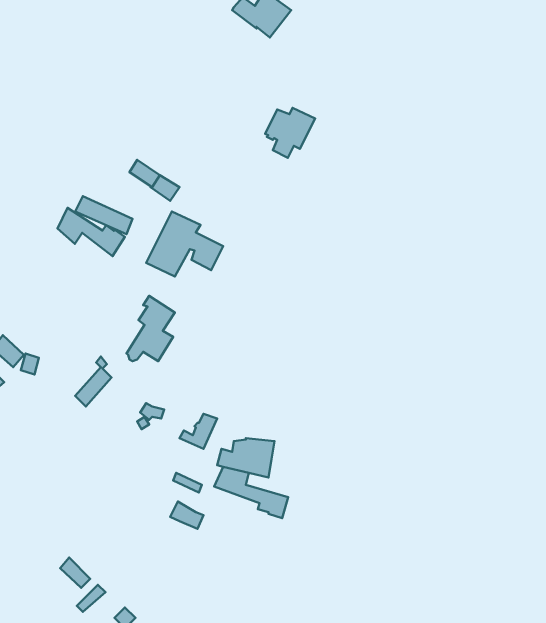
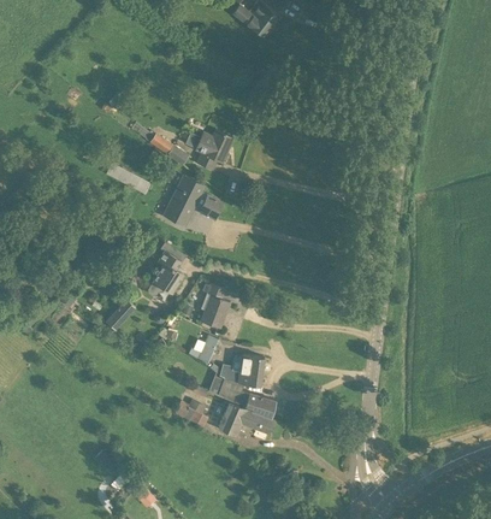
building: [265,108,315,158] -> [193,129,232,169]
building: [58,208,125,256] -> none
building: none -> [199,282,229,326]
building: none -> [215,401,272,436]

